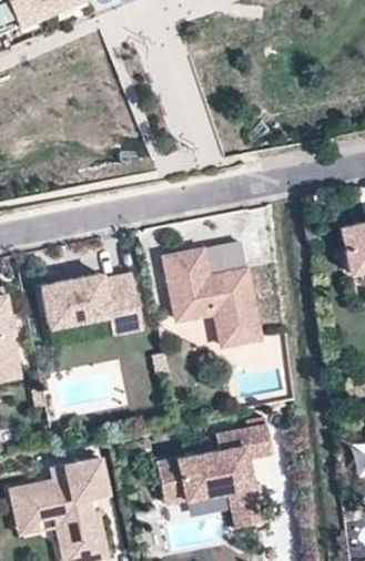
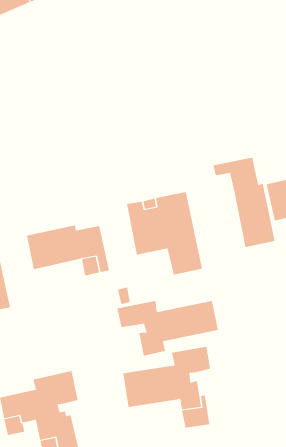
building: none -> [213,157,275,248]
building: none -> [117,300,219,357]

